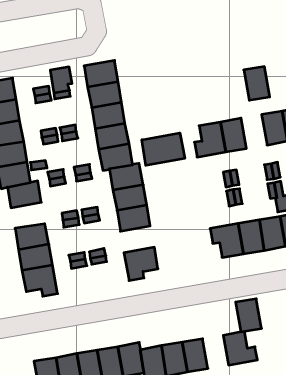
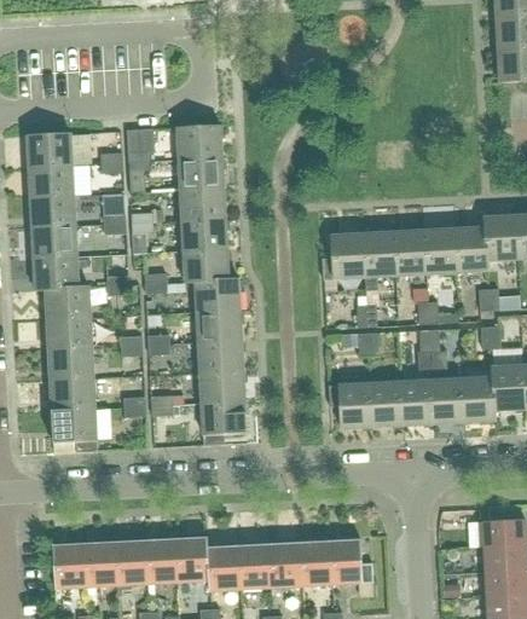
building: [244,67,270,100] -> [393,230,425,276]
building: [142,133,185,165] -> none
building: none -> [46,317,92,349]
building: none -> [199,370,245,404]
building: [236,299,262,332] -> [299,540,331,585]

